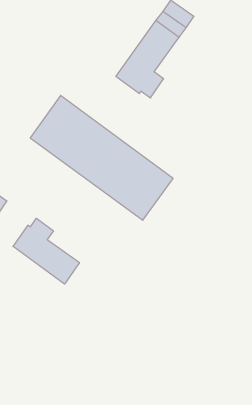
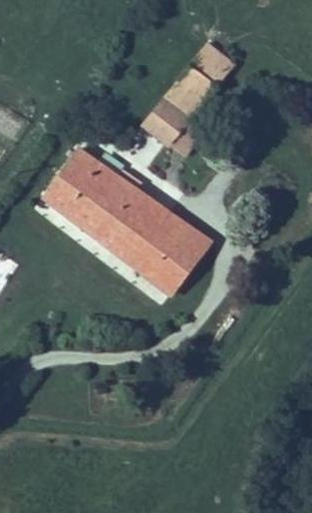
building: [13,218,79,284] -> none

